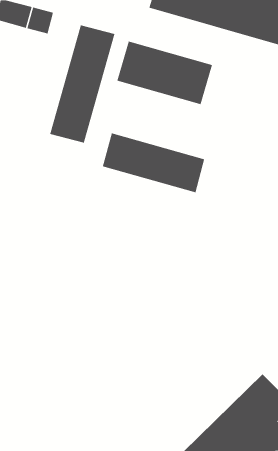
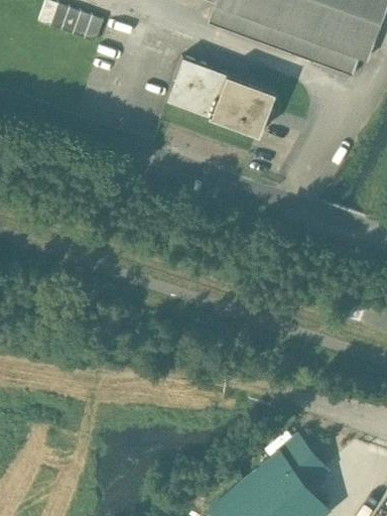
building: [50,25,115,144] -> none
building: [102,132,205,193] -> none

